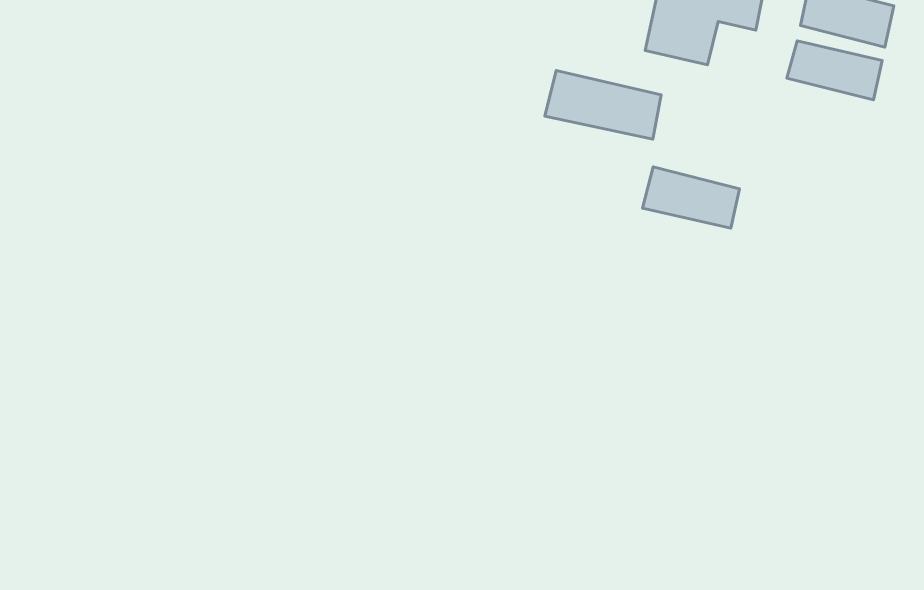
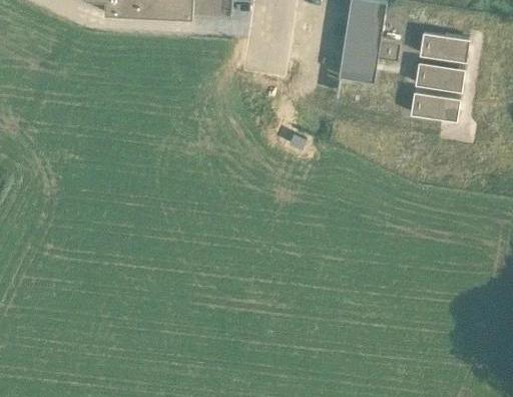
building: [545,71,661,139] -> none
building: [642,167,740,228] -> [410,90,460,119]

